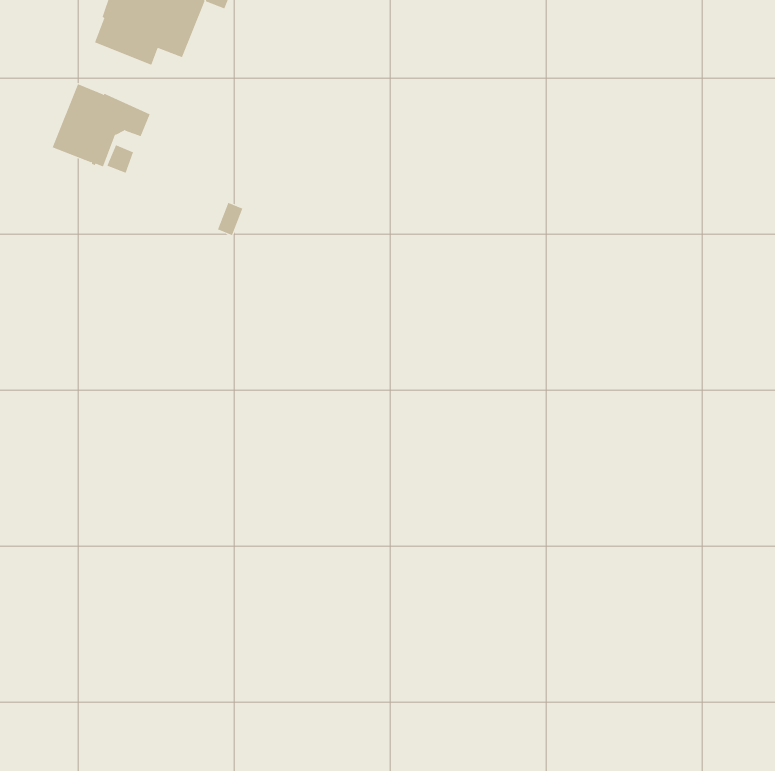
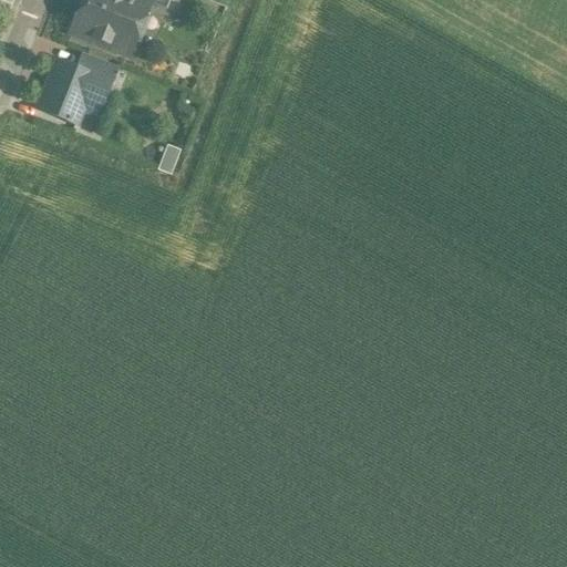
building: none -> [76,52,117,83]

